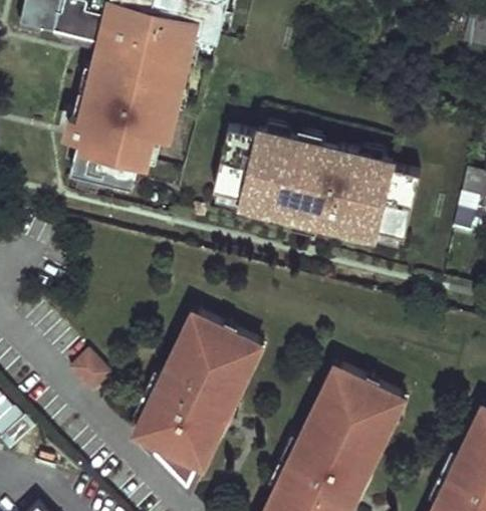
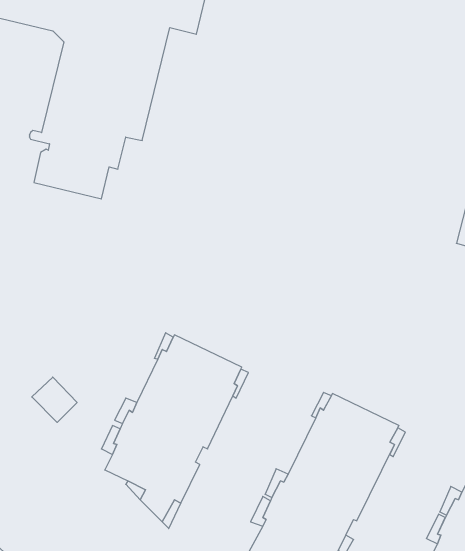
building: [213,133,417,245] -> none

